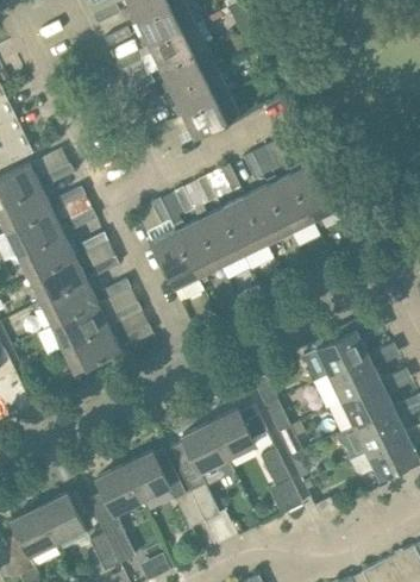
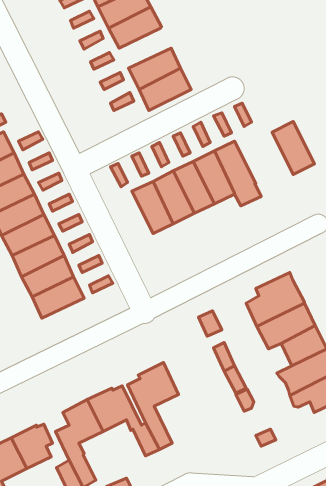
building: [161,46,219,92] -> none
building: [290,162,338,221] -> [272,121,314,174]
building: [151,230,199,289] -> none
building: [211,406,267,458] -> none
building: [262,449,303,514] -> none

